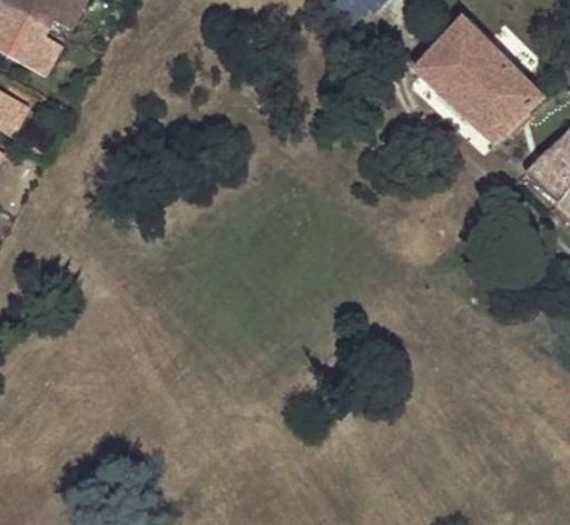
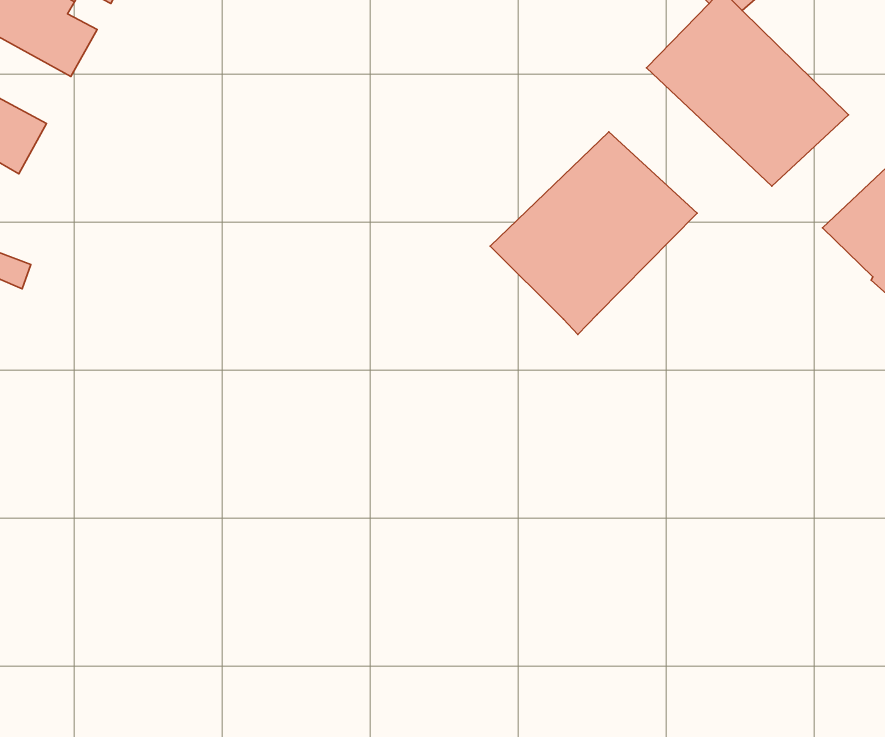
building: none -> [490,132,697,335]

